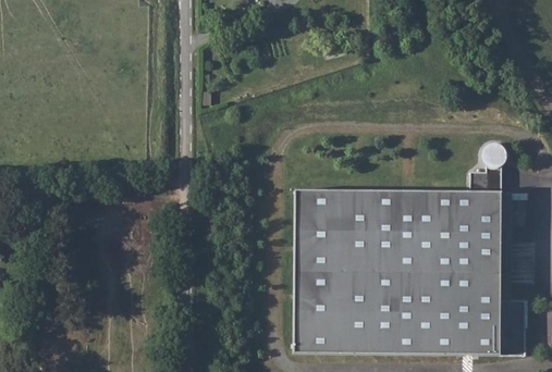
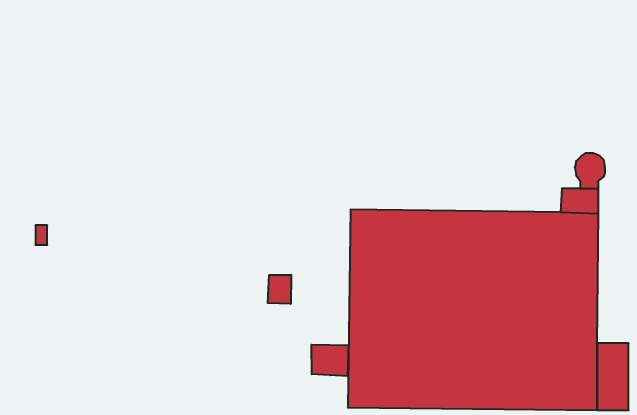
building: none -> [268,275,291,304]
building: none -> [312,345,349,376]

